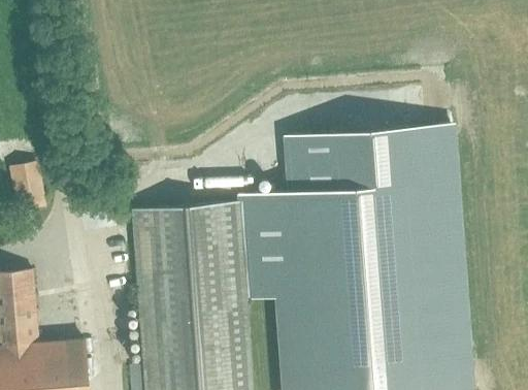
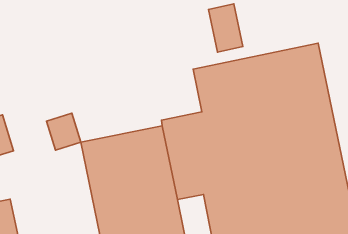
building: none -> [209,4,243,52]
building: none -> [46,113,81,150]

